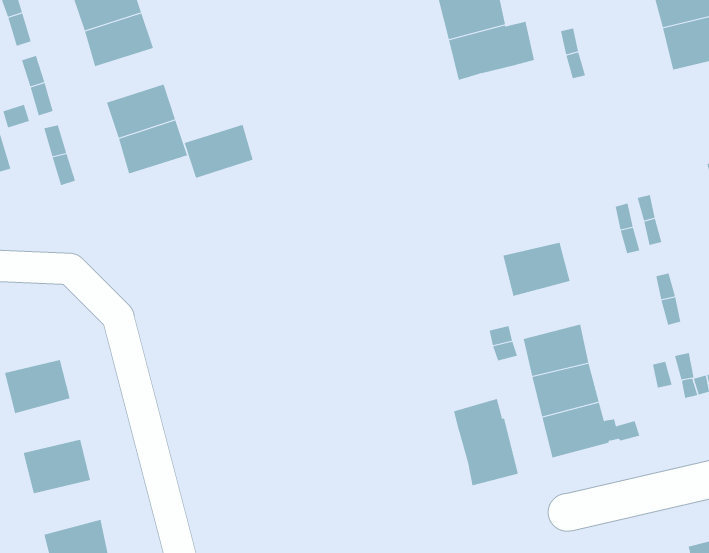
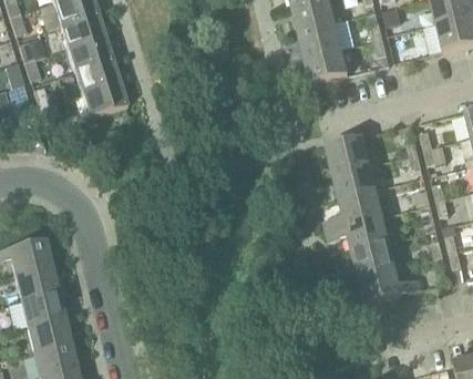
building: none -> [304,45,347,81]
building: [184,124,253,179] -> [66,34,112,70]
building: none -> [326,134,370,170]
building: none -> [339,186,383,224]
building: [454,398,518,486] -> none
building: none -> [14,263,58,298]
building: none -> [27,316,71,351]

